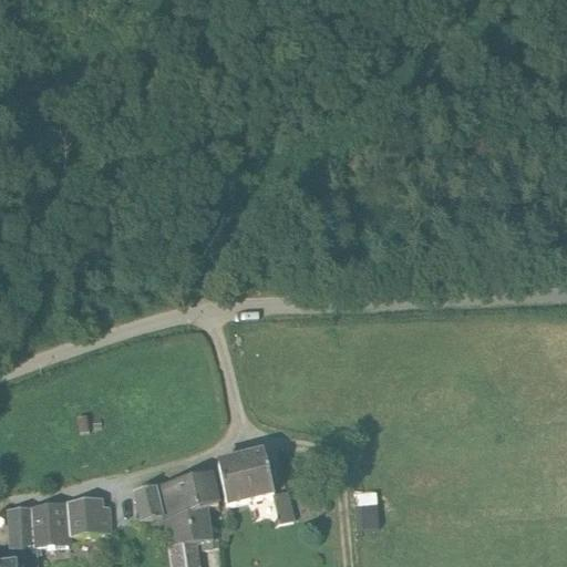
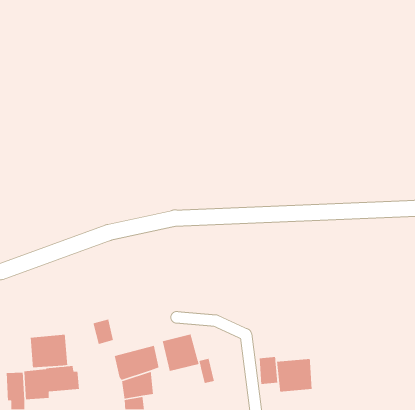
building: none -> [30,334,68,368]
building: [134,484,163,519] -> [93,319,114,345]
building: none -> [276,358,313,392]

